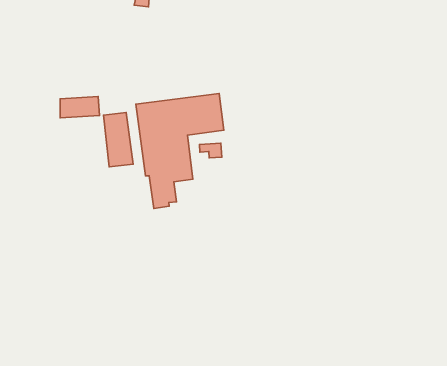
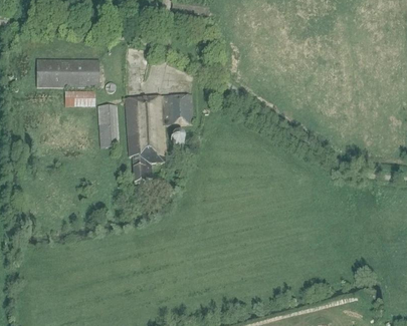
building: none -> [37,58,99,87]

